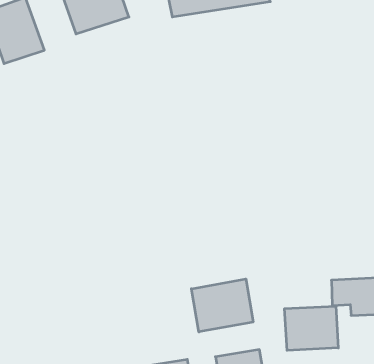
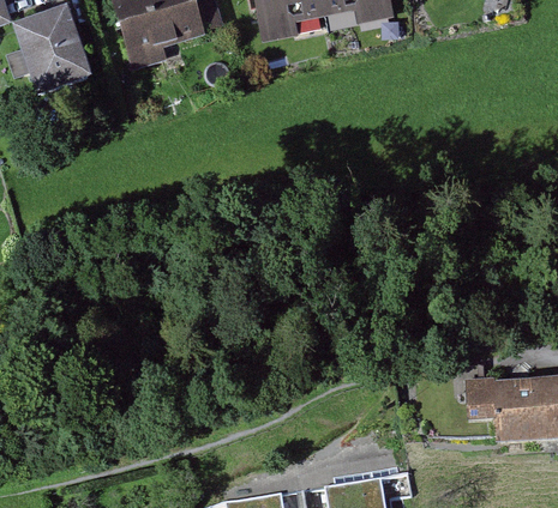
building: [191,279,253,332] -> none
building: [285,306,338,350] -> none

